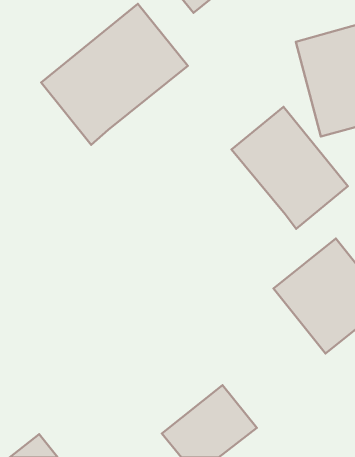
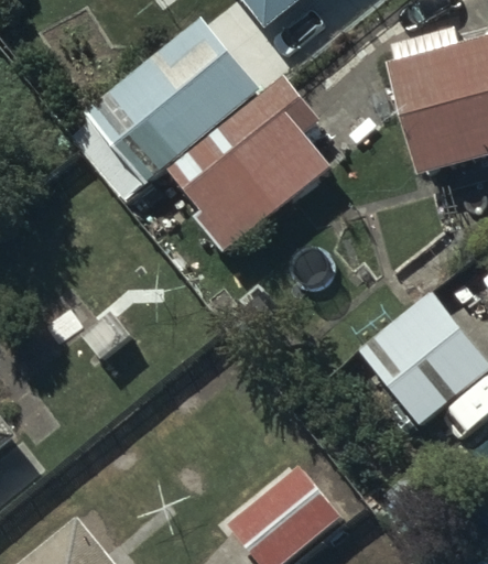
building: none -> [164,72,330,256]
building: [232,107,348,229] -> none

